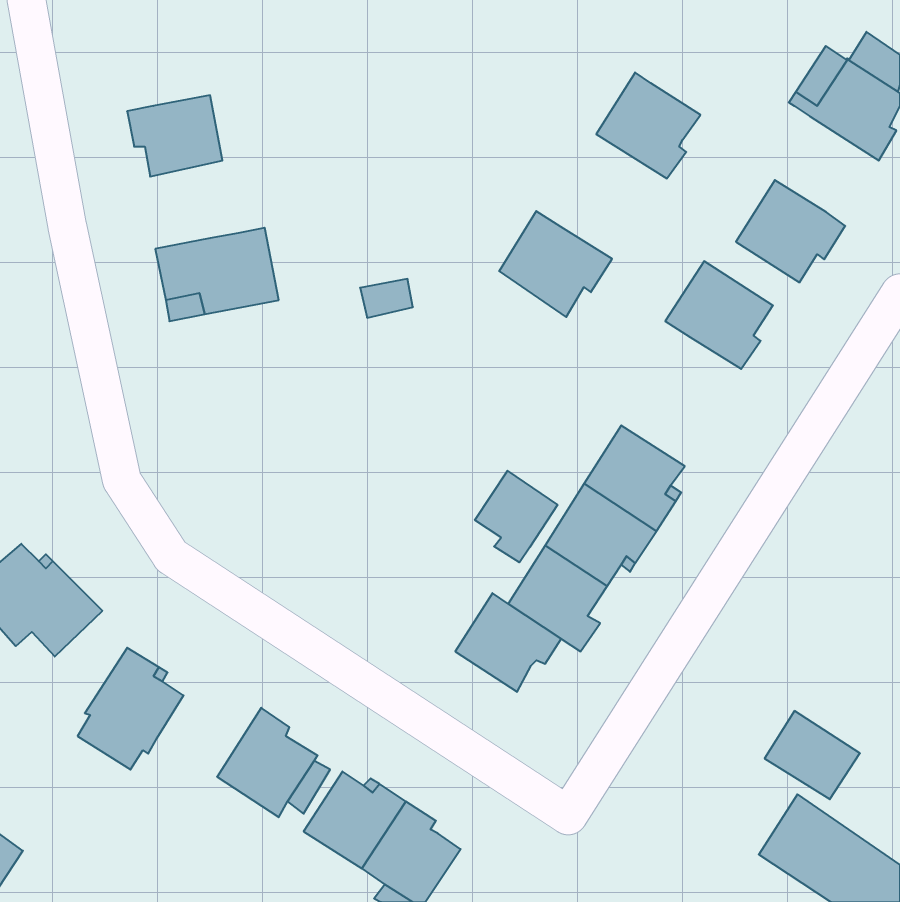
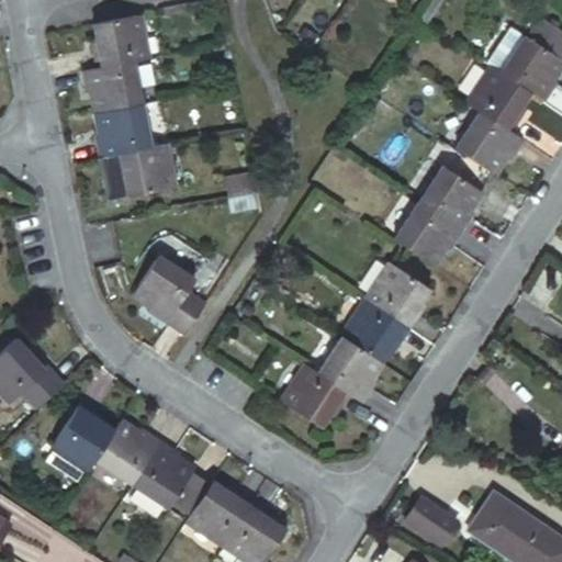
building: none -> [91,14,148,66]
building: [596,72,700,178] -> [470,66,535,132]
building: none -> [91,100,148,155]
building: [499,211,612,317] -> [391,200,461,266]
building: none -> [132,252,207,339]
building: [475,471,557,562] -> none
building: none -> [98,420,162,483]
building: [765,711,860,799] -> [397,490,457,544]

